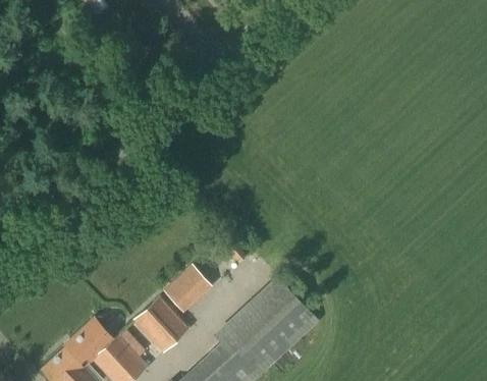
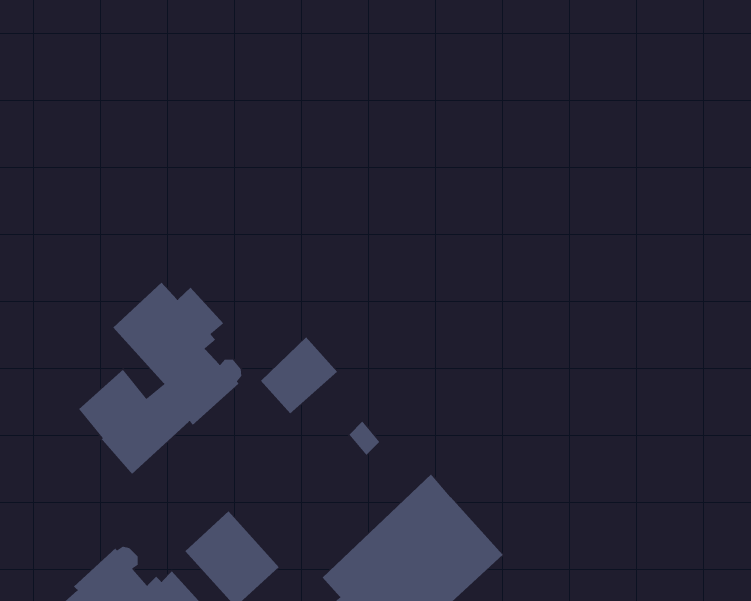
building: none -> [78,282,242,475]
building: [164,264,209,309] -> [260,337,338,414]

